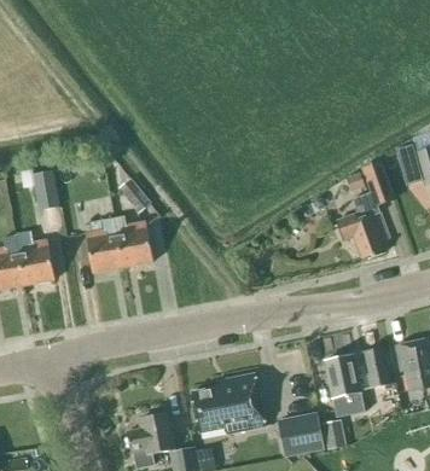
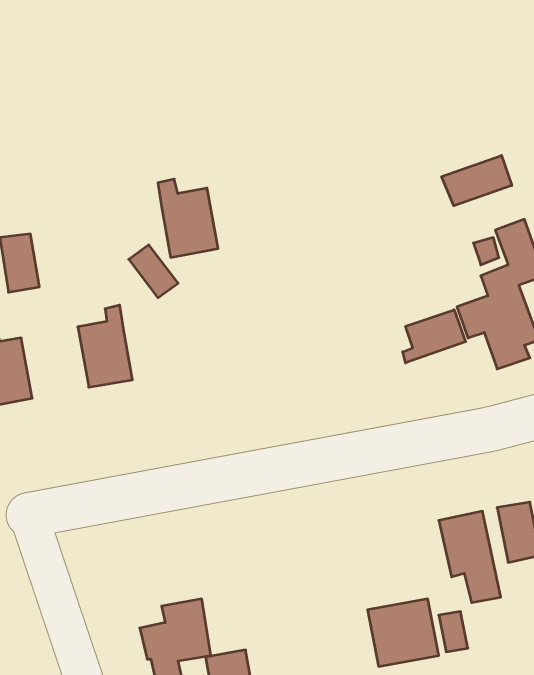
building: none -> [442,155,512,206]
building: [114,215,153,267] -> [158,179,218,257]
building: none -> [403,310,466,363]
building: [192,373,266,432] -> none

